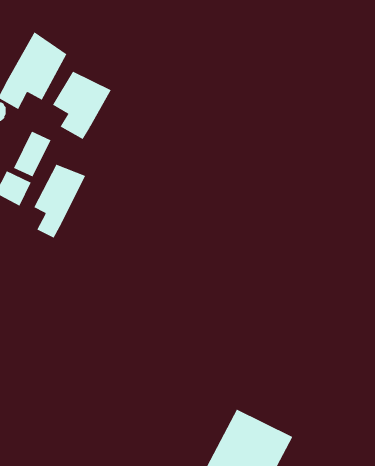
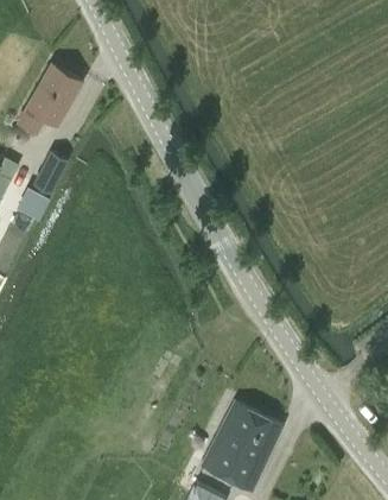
building: [52,71,112,140] -> none
building: [33,164,86,239] -> none

